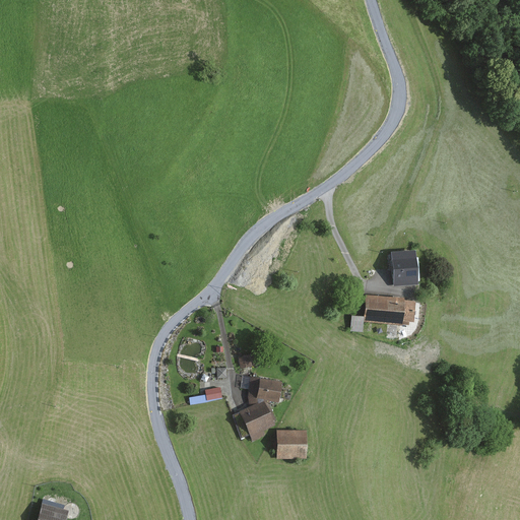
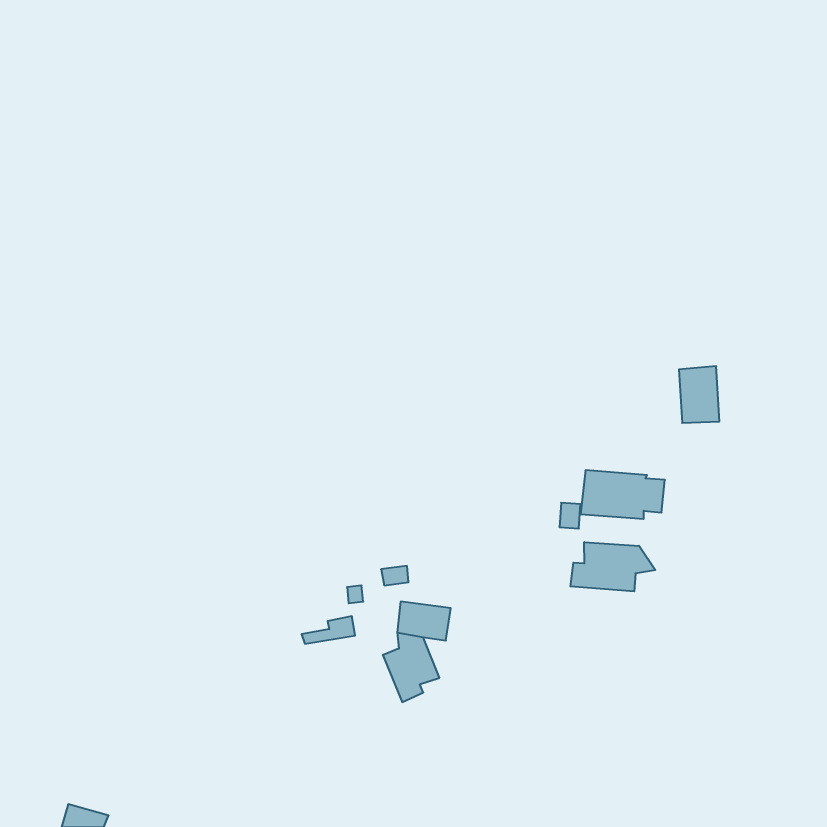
building: [393,250,418,285] -> [679,366,719,423]
building: none -> [570,542,655,591]
building: [275,430,303,459] -> none

